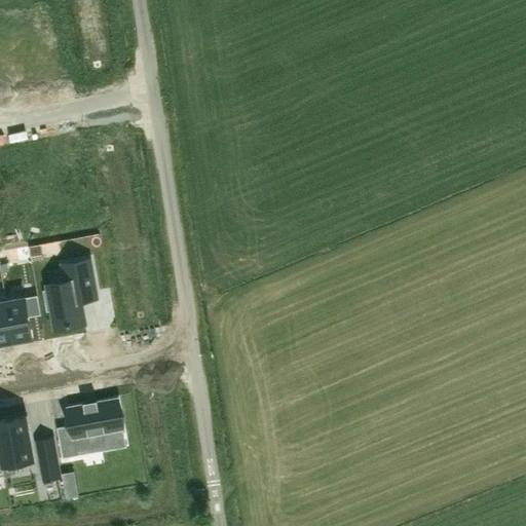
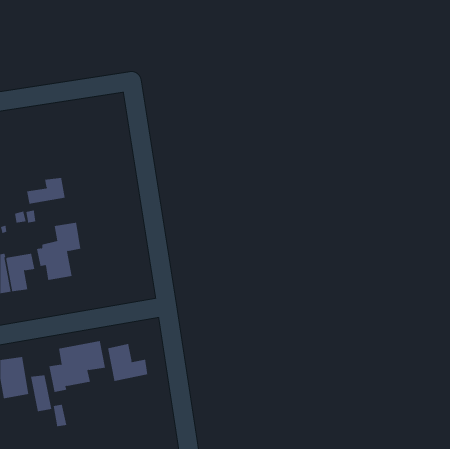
building: none -> [27,177,66,204]
building: none -> [107,343,148,382]

